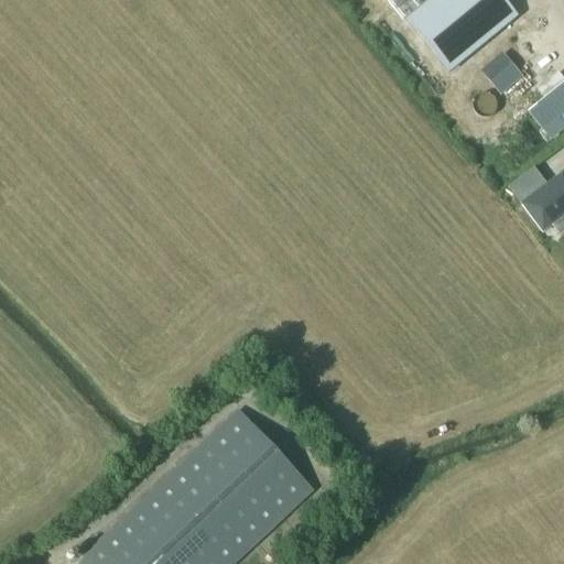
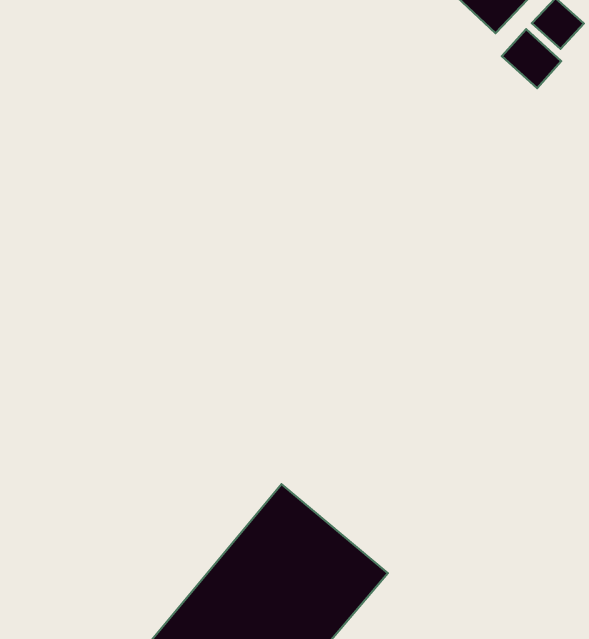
building: none -> [502,29,561,88]

